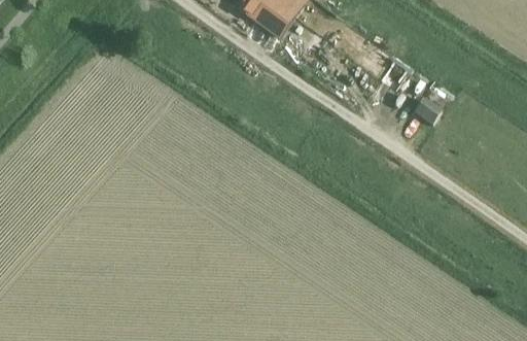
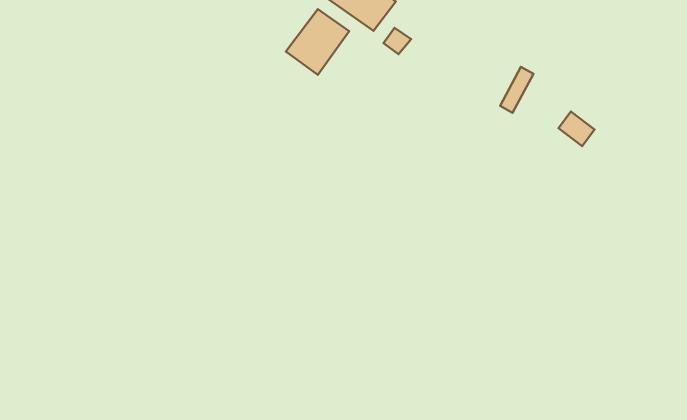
building: none -> [286,9,349,75]

